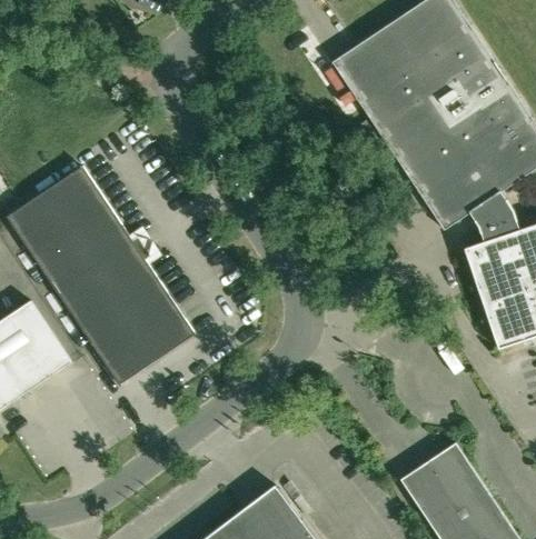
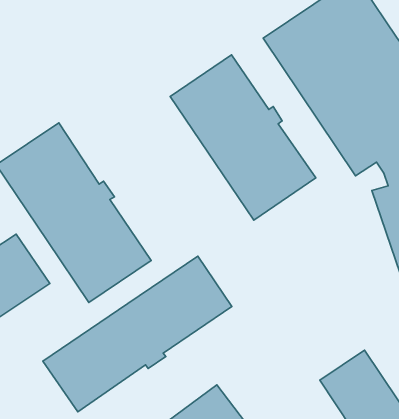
building: none -> [170,55,316,220]
building: none -> [43,256,232,412]

